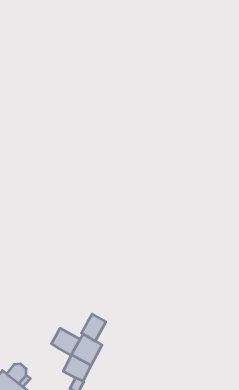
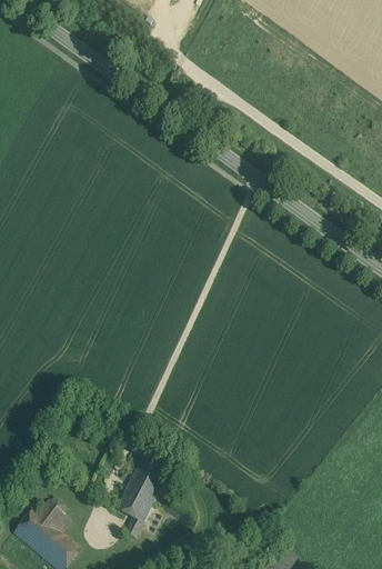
building: [81,314,106,341] -> none
building: [51,328,80,355] -> none

